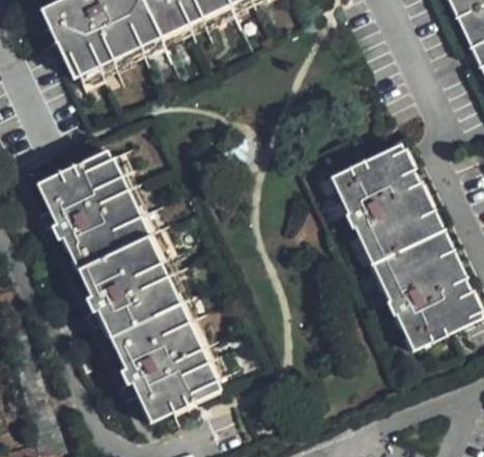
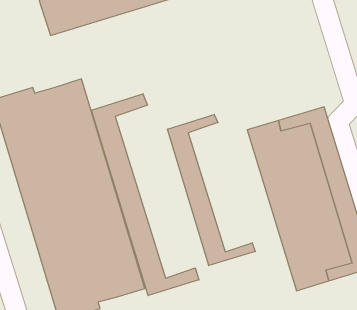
building: none -> [92,94,199,296]
building: none -> [167,114,255,266]

